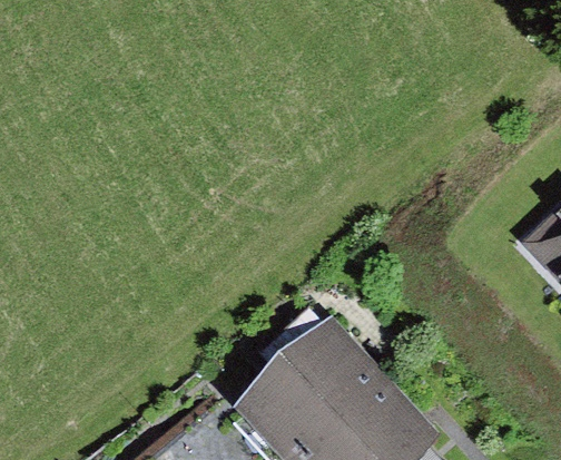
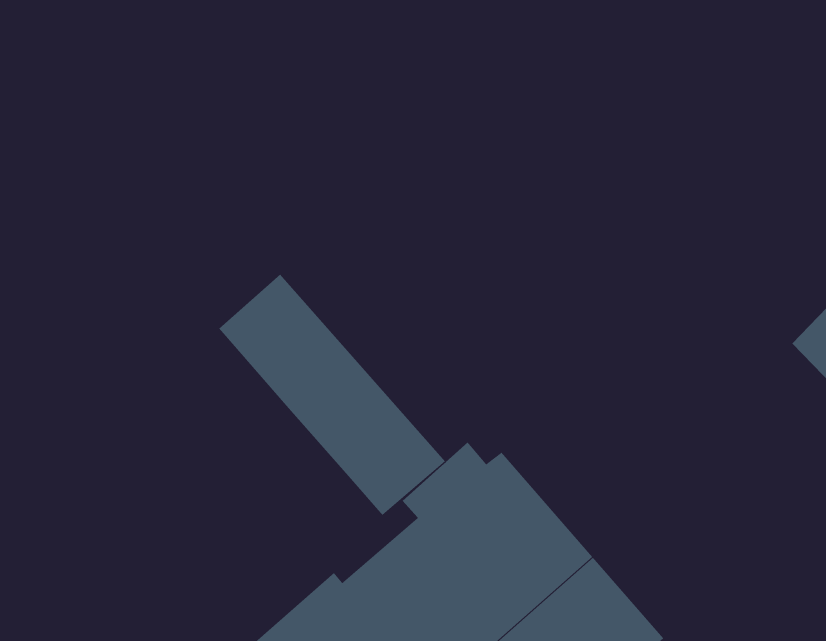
building: none -> [219,274,446,516]

